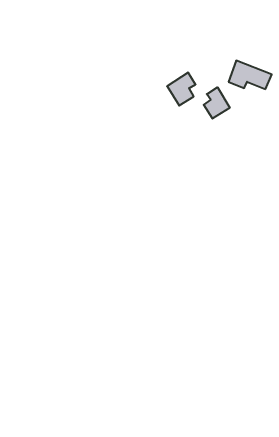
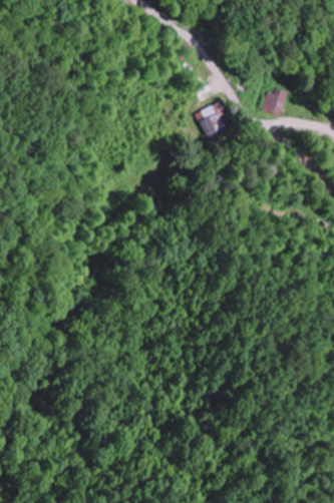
building: [204,87,230,119] -> none

